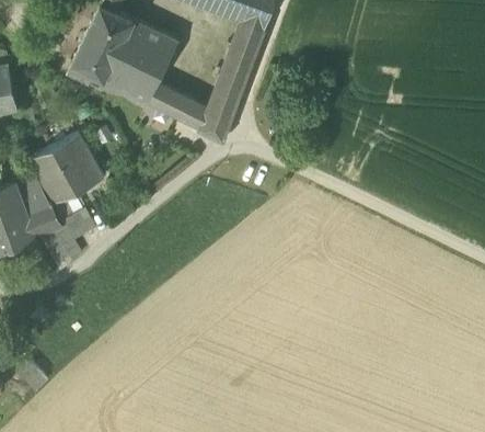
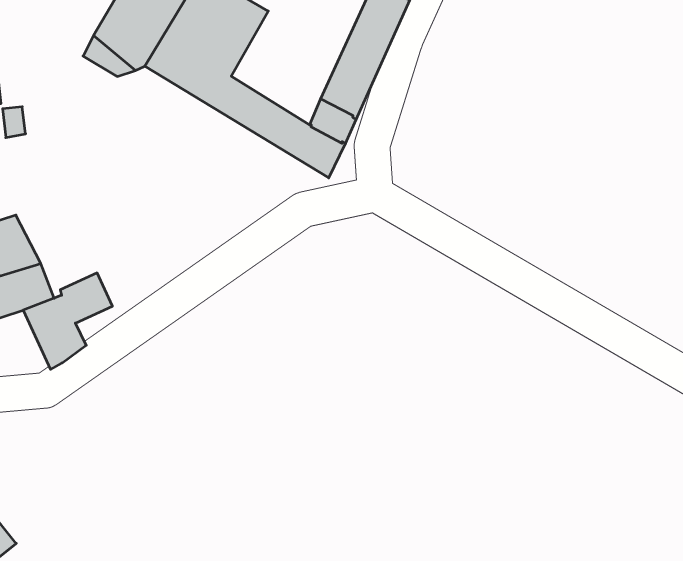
building: [28,136,103,208] -> none

